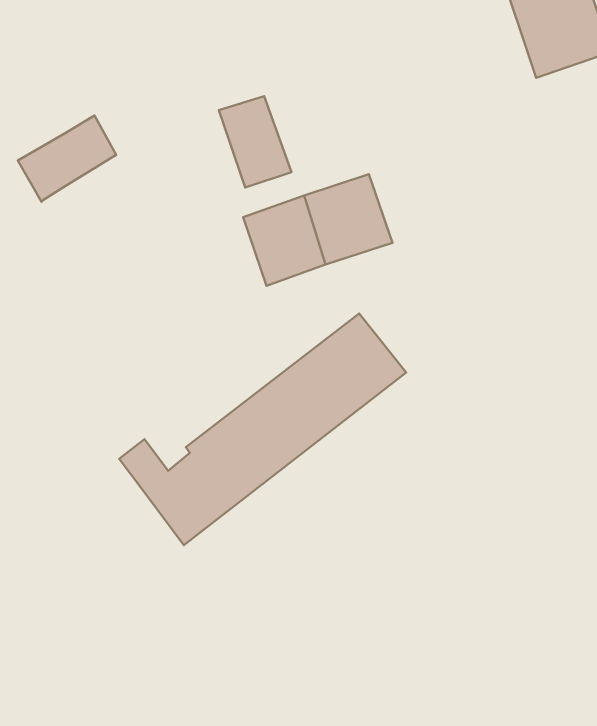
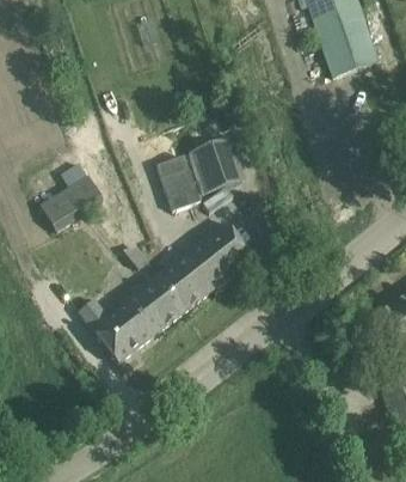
building: [219,96,292,187] -> none
building: [18,115,116,202] -> [44,177,104,230]

